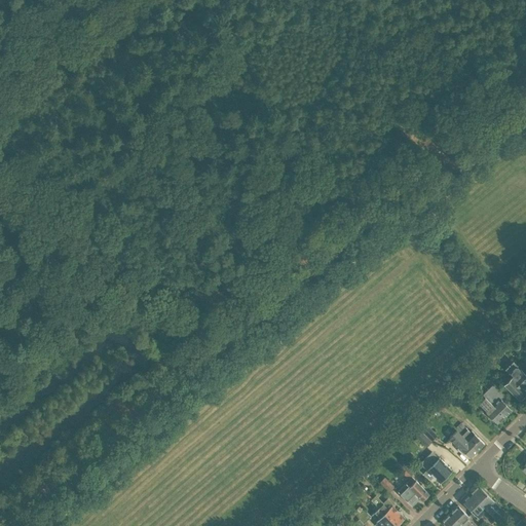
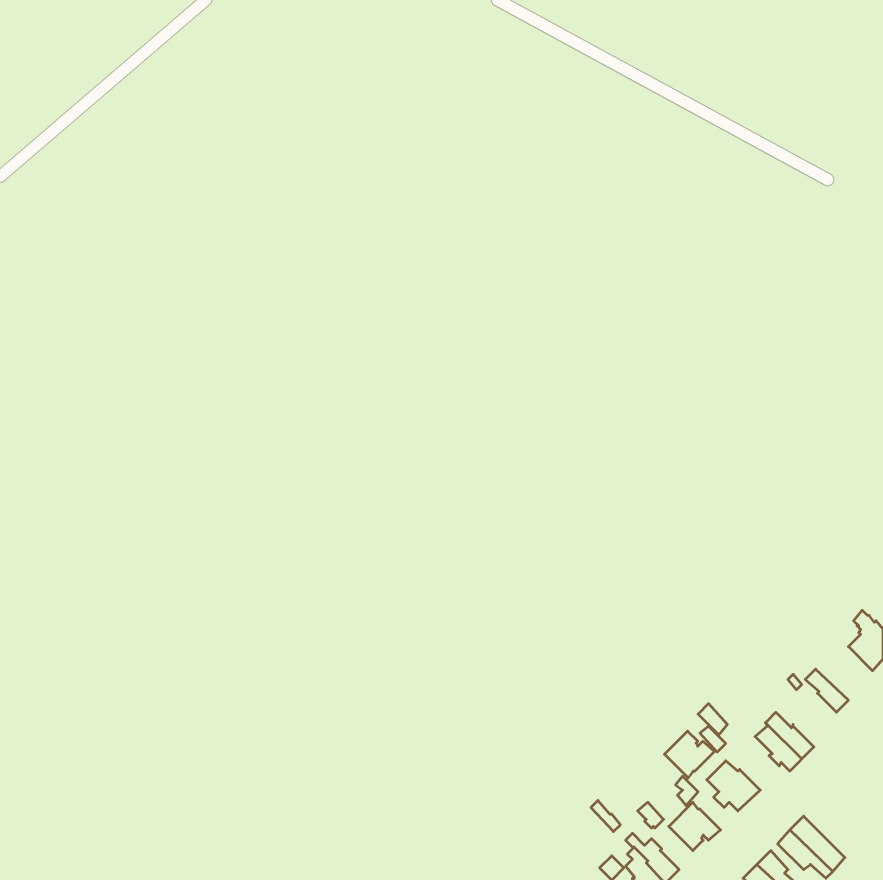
building: [483,386,514,418] -> none
building: none -> [664,731,715,778]

